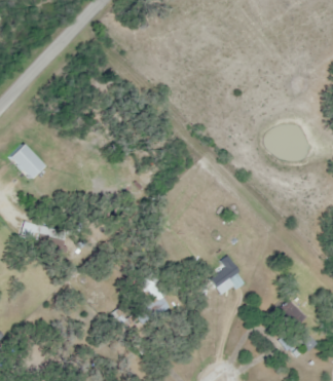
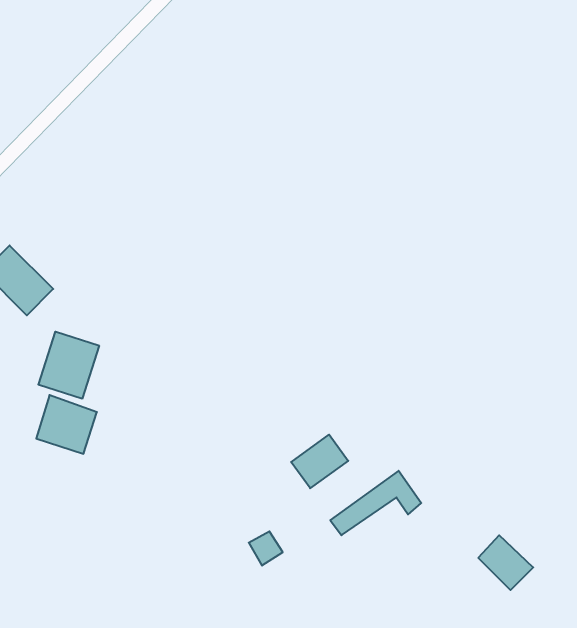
building: none -> [38,332,99,399]
building: none -> [291,435,348,488]

